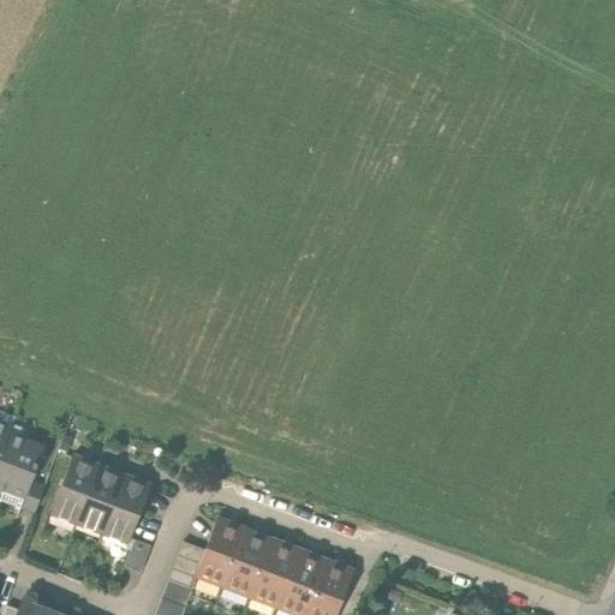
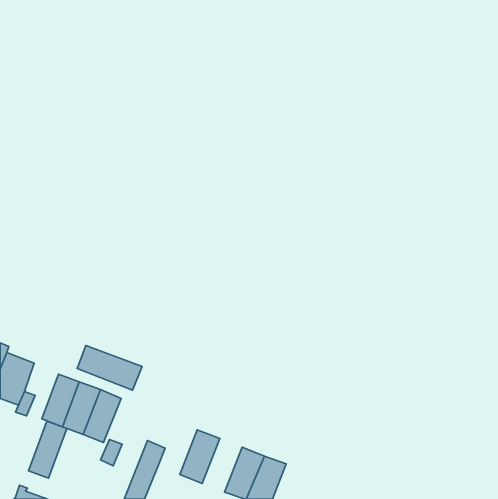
building: none -> [77,346,142,390]
building: [196,518,244,584] -> none
building: none -> [28,421,67,478]
building: [250,539,299,605] -> none

